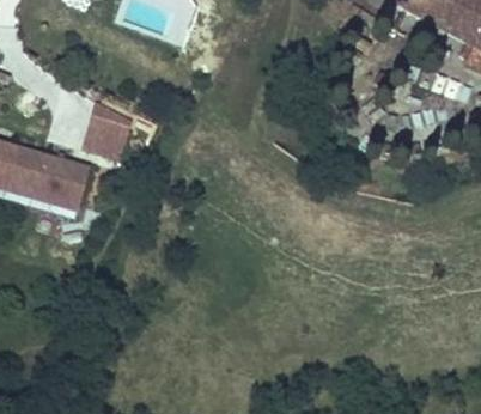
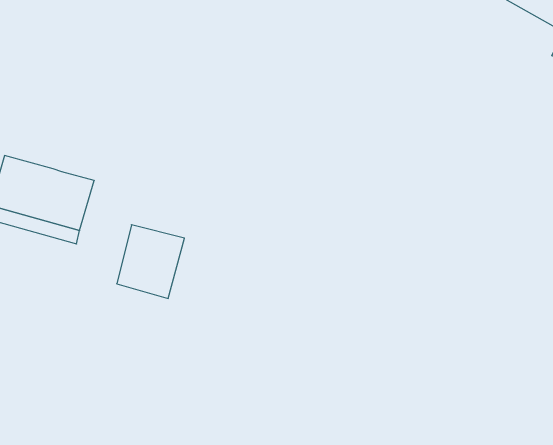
building: [80,104,135,164] -> [117,225,184,298]

